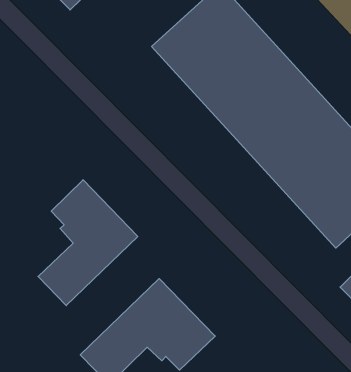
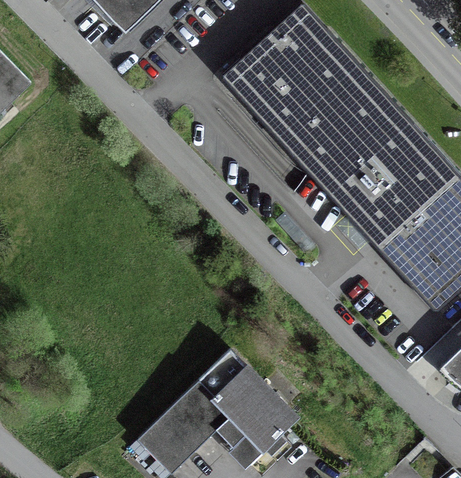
building: [38,180,138,306] -> none

